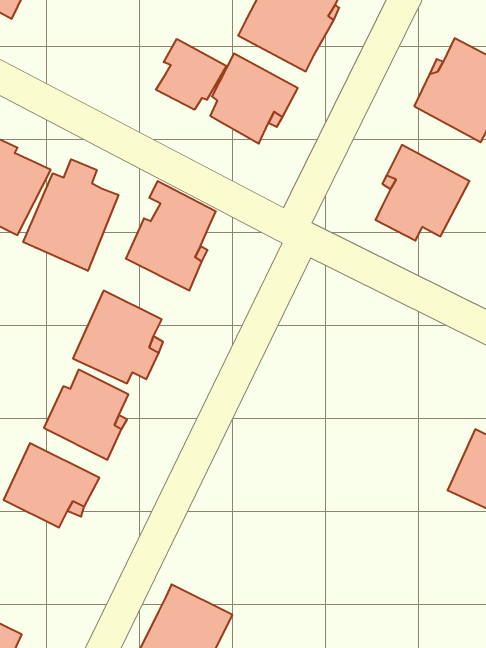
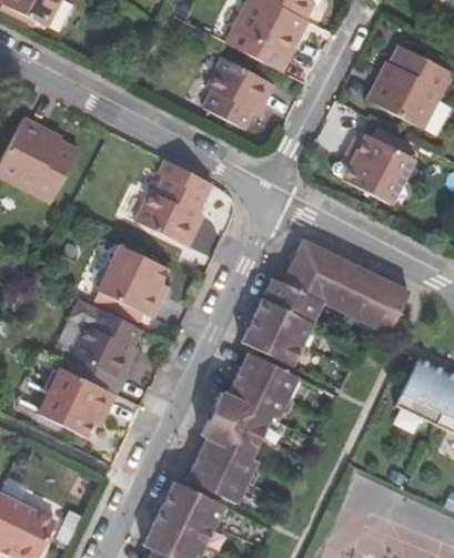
building: [156,39,226,110] -> none
building: [23,159,118,271] -> none
building: none -> [242,241,408,365]
building: none -> [186,354,297,503]

